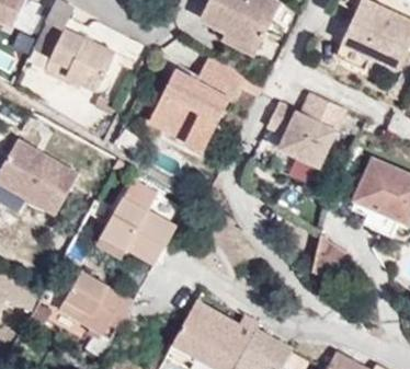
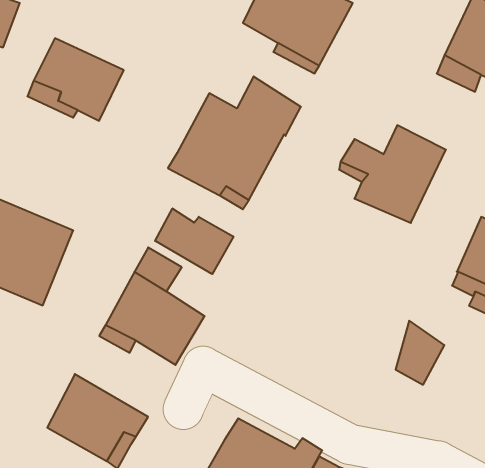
building: none -> [155,208,233,274]

